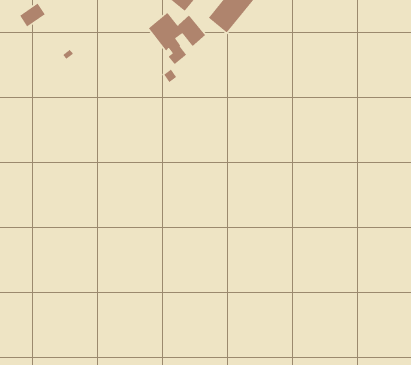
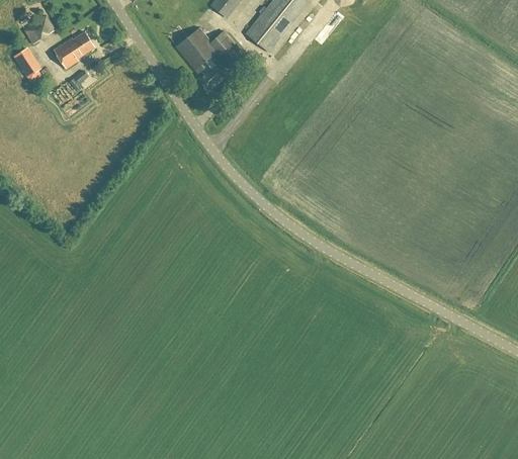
building: none -> [53,31,94,68]
building: none -> [14,42,41,79]

